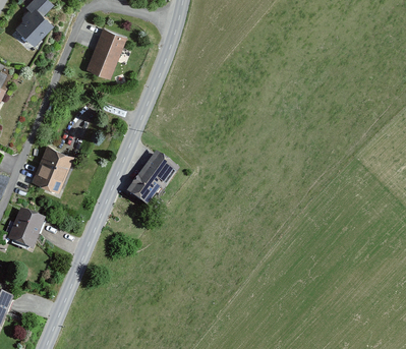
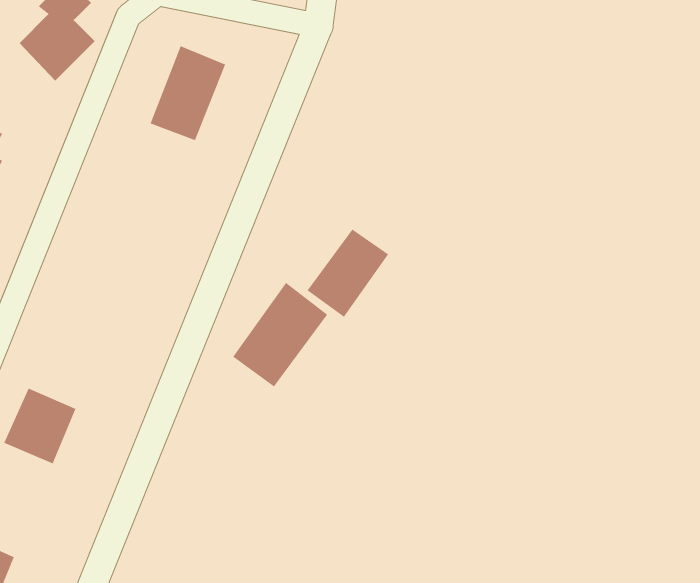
building: none -> [307,228,389,318]
building: [31,144,74,192] -> none

